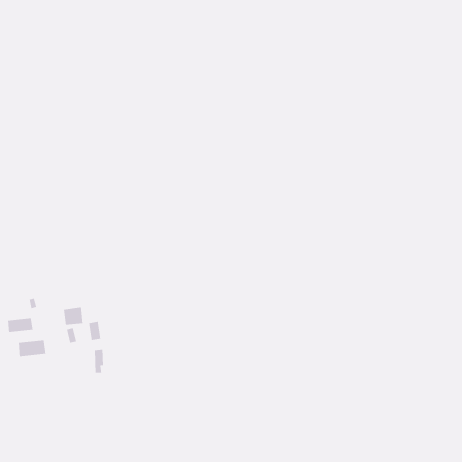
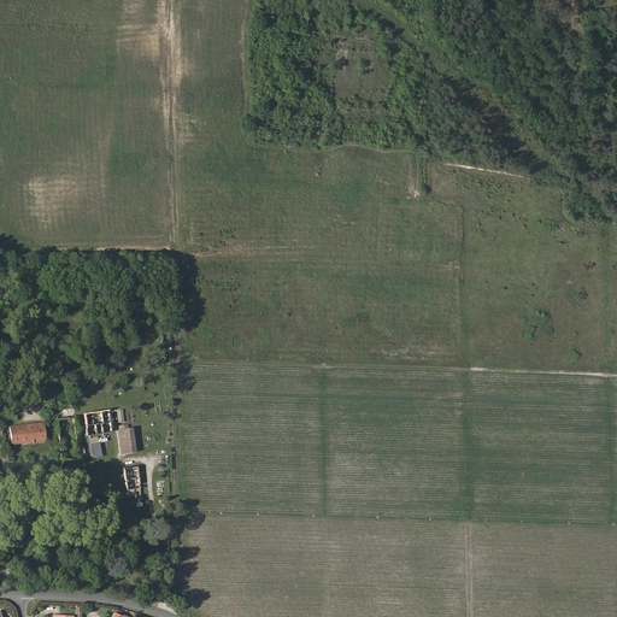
building: [18,340,46,357] -> none

